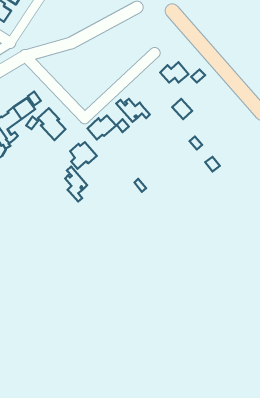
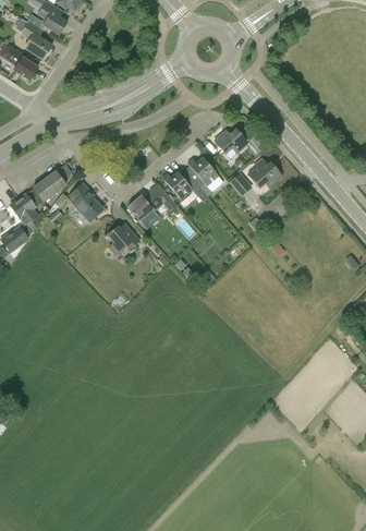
building: none -> [186,156,218,196]
building: none -> [247,156,280,185]
building: [65,167,87,201] -> none

